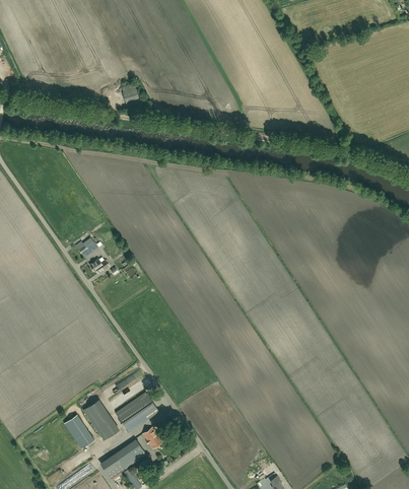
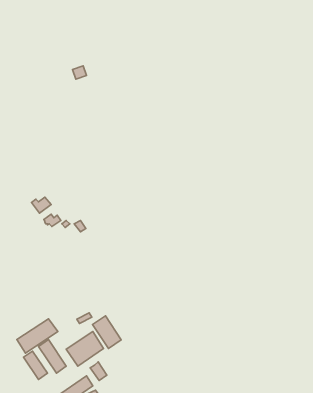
building: none -> [92,316,121,349]
building: none -> [17,319,58,353]

